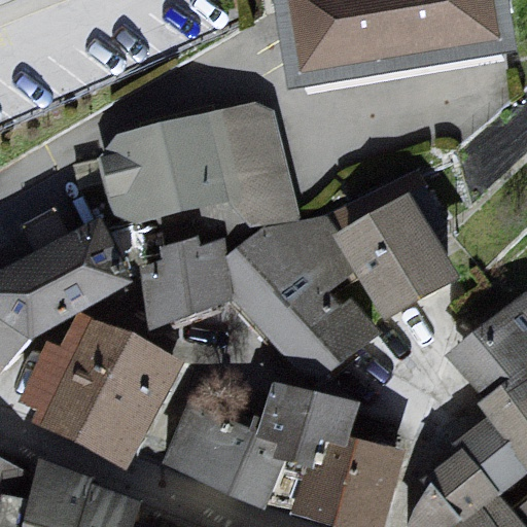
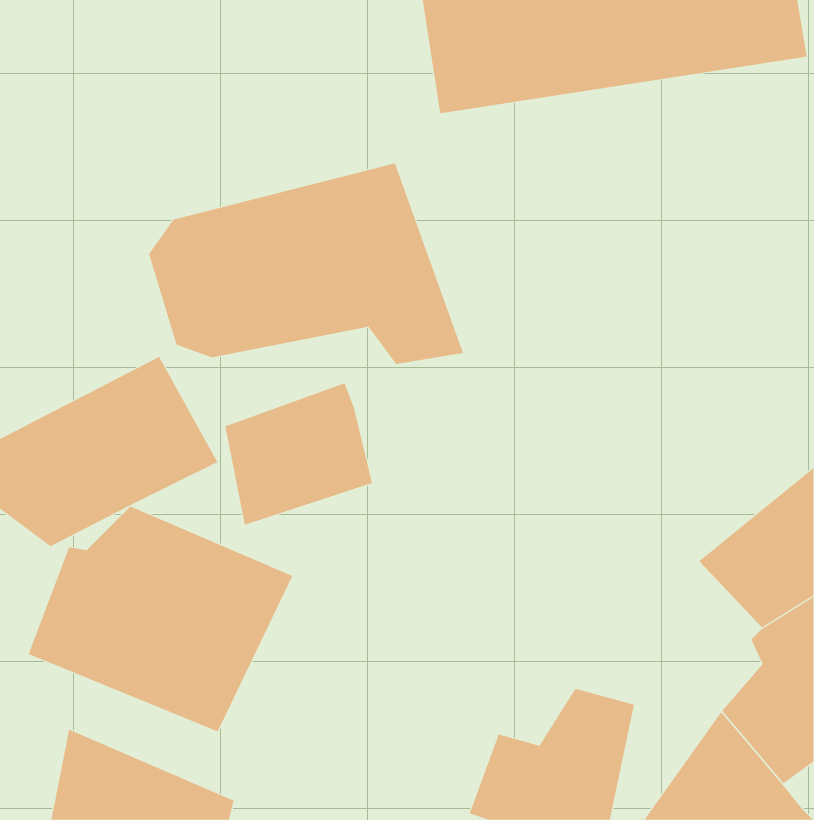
building: [341,196,465,317] -> none
building: [224,223,377,381] -> none
building: [260,388,364,471] -> none
building: [167,411,287,507] -> none

